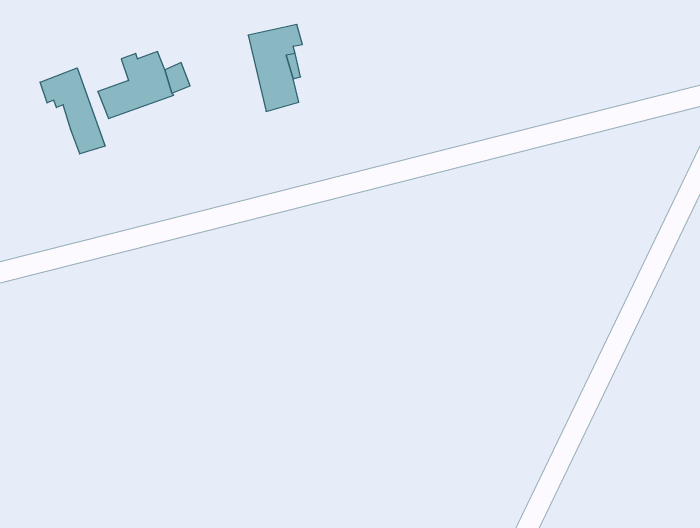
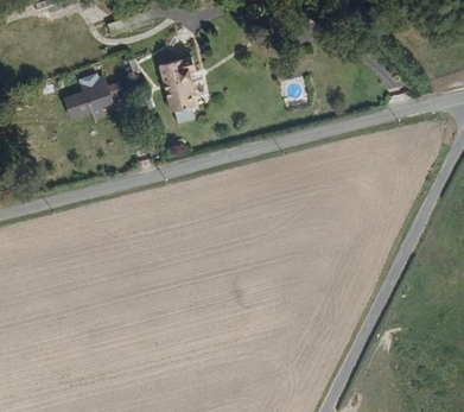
building: [40,68,105,154] -> none

